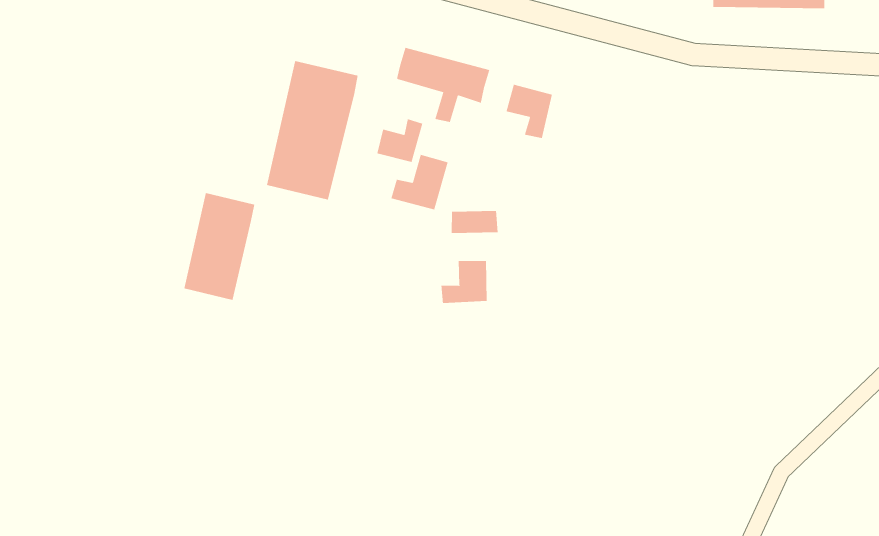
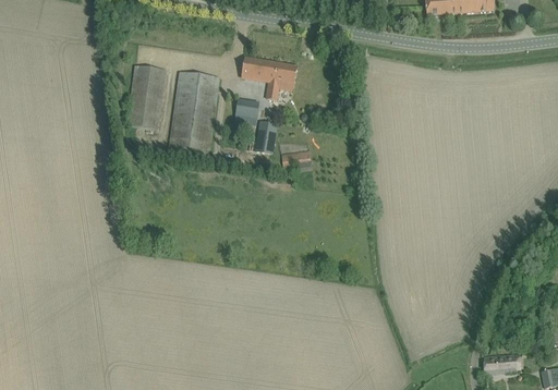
building: [506,84,553,139] -> none
building: [183,192,255,300] -> [128,65,166,129]
building: [441,260,487,304] -> none

